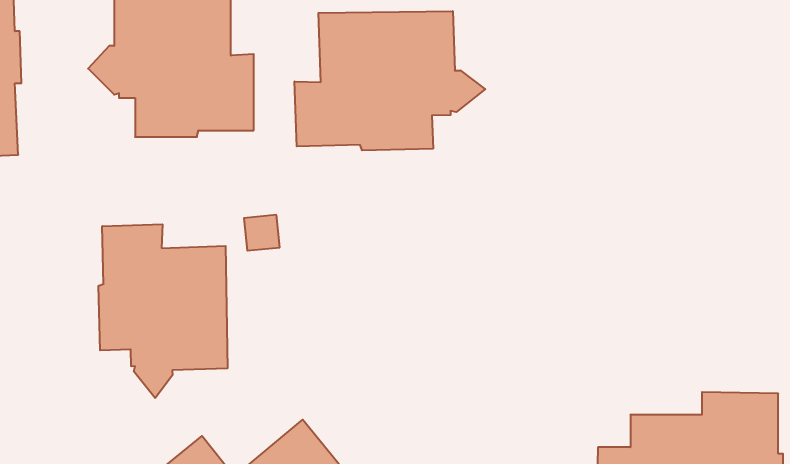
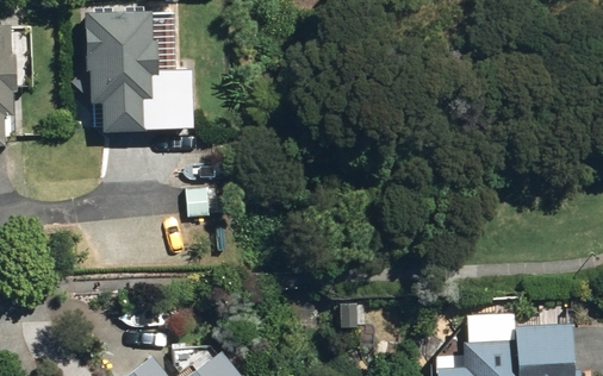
building: [295,11,485,150] -> none
building: [99,224,227,398] -> none

